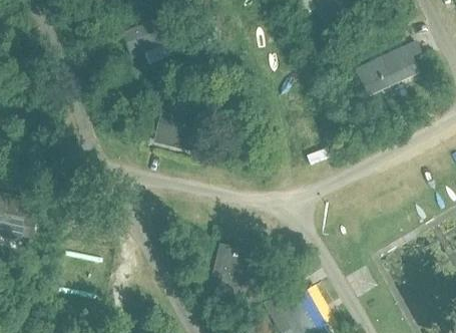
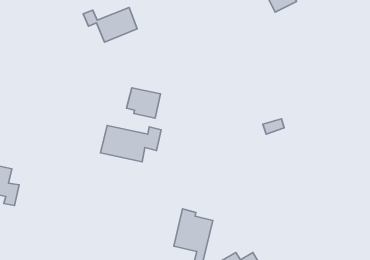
building: [354,41,419,95] -> none
building: none -> [100,125,161,162]

